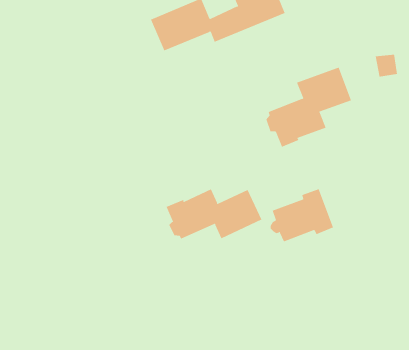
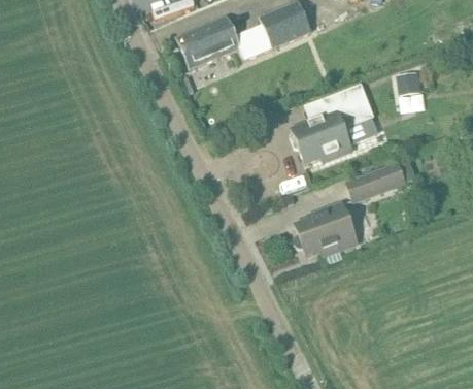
building: none -> [348,160,416,200]
building: [166,189,262,239] -> none

